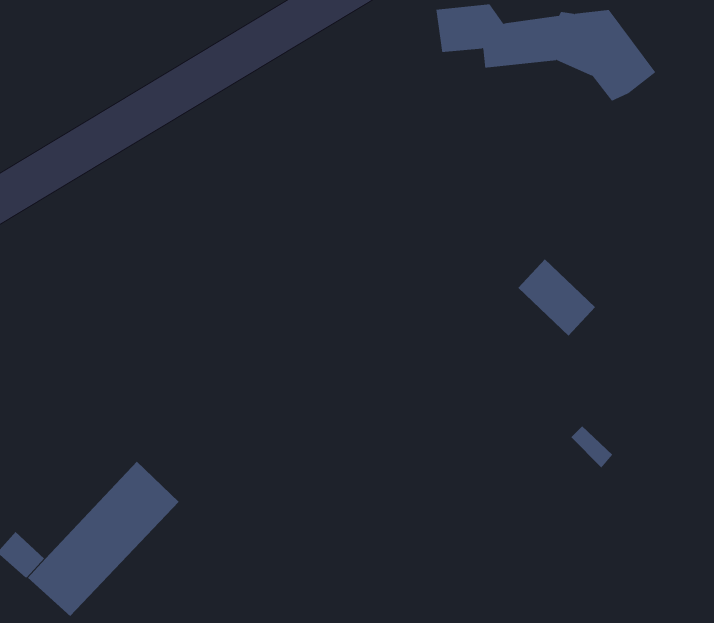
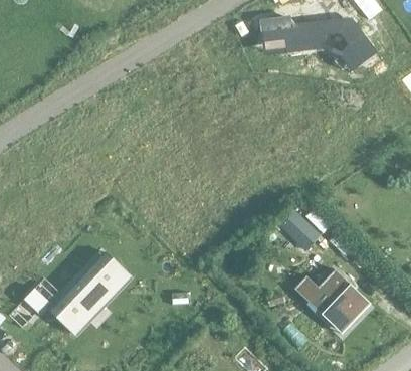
building: [518,258,596,337] -> [285,215,326,255]
building: none -> [298,269,365,329]

